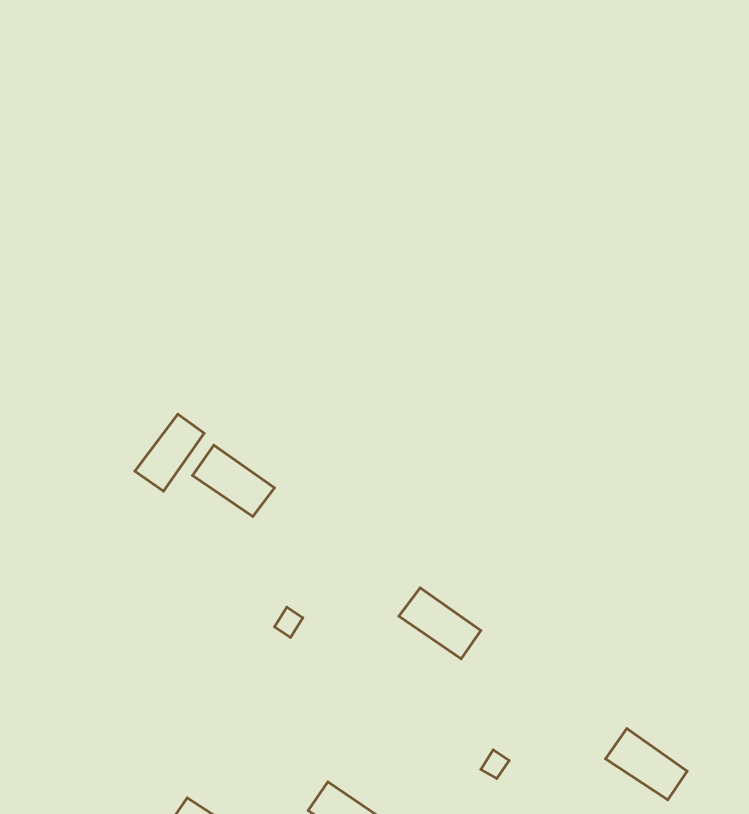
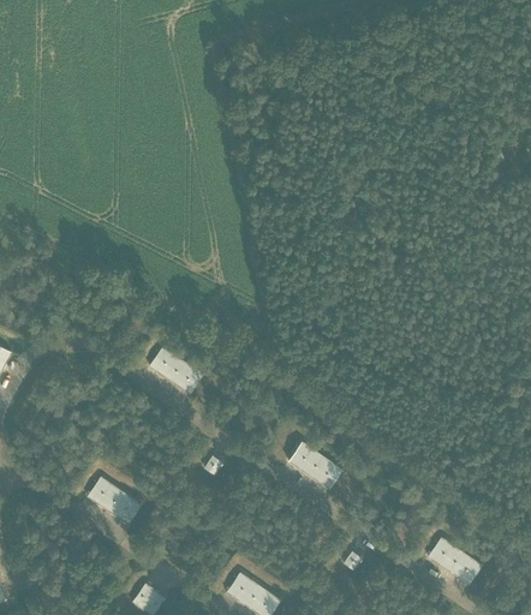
building: [135,414,204,491] -> none
building: none -> [88,477,141,525]

